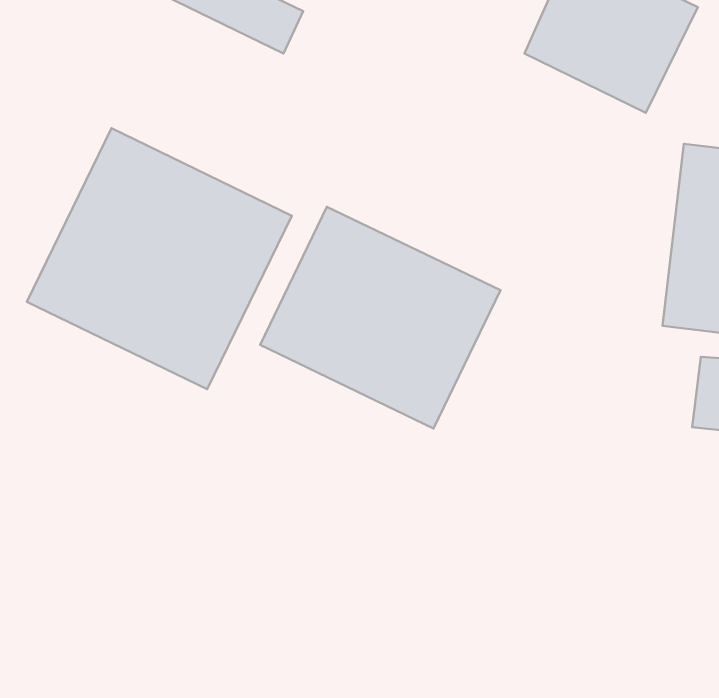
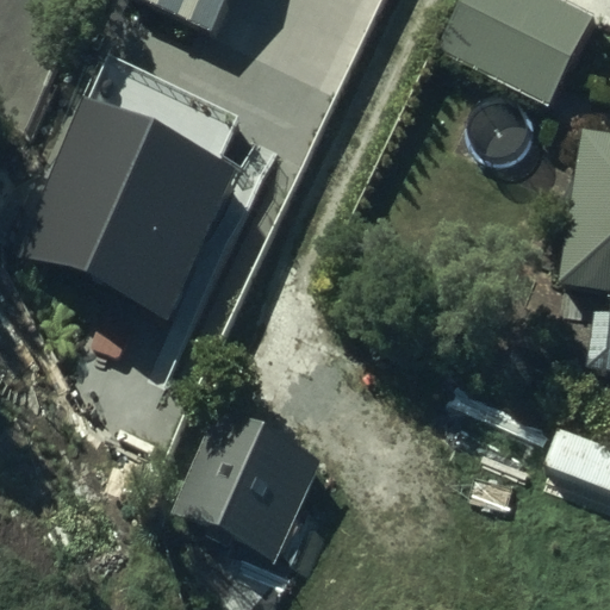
building: [260,207,500,429] -> none
building: none -> [178,406,322,549]

